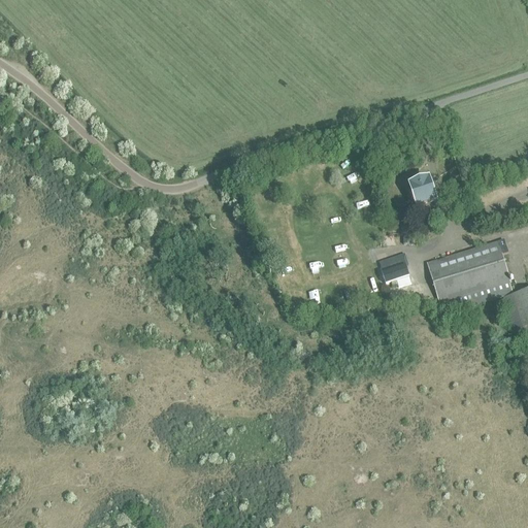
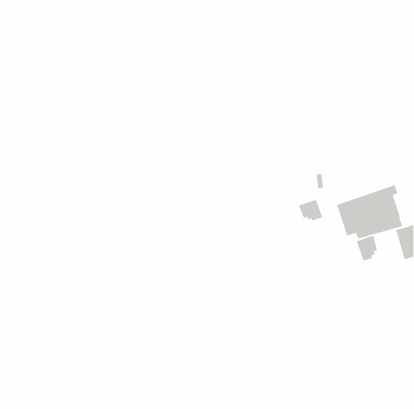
building: [409,174,434,201] -> none
building: none -> [356,235,378,262]

